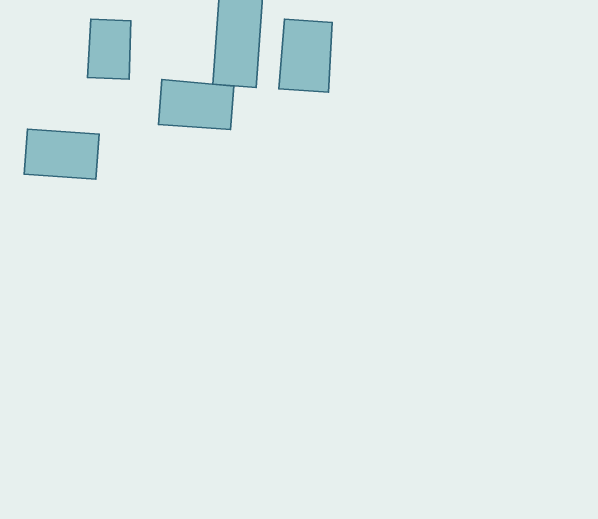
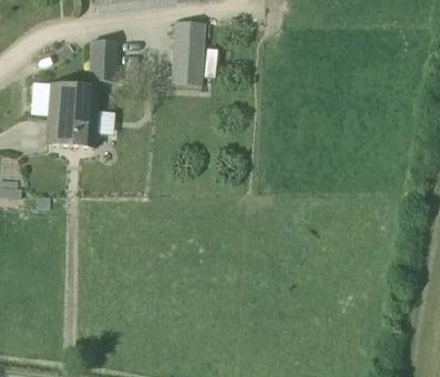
building: [279,19,332,92] -> none
building: [159,79,234,130] -> [49,82,99,115]

